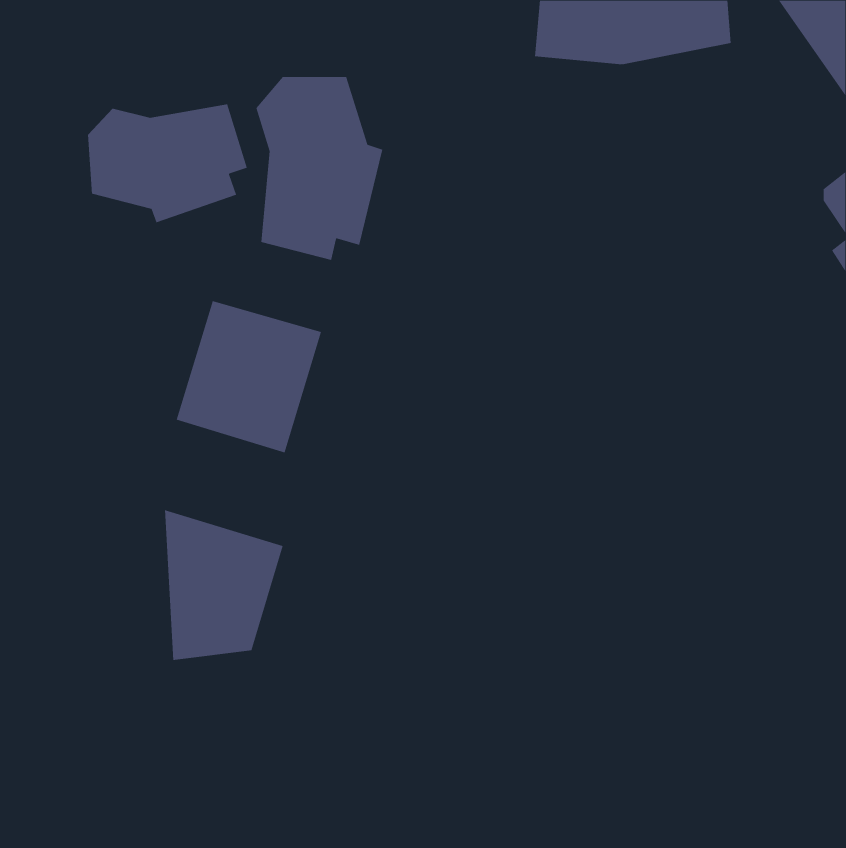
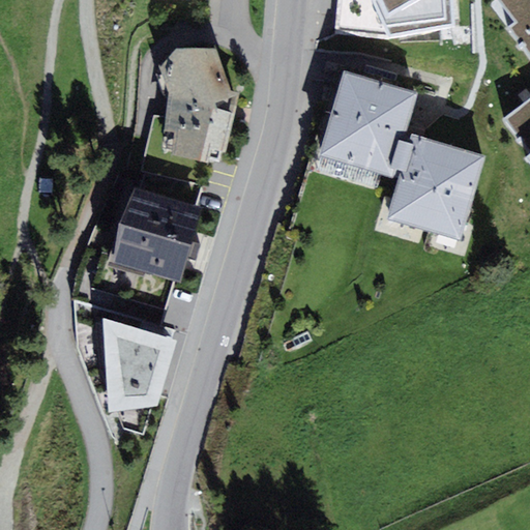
building: [87,104,248,223] -> none
building: none -> [317,69,485,240]

